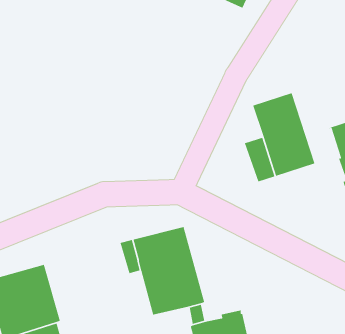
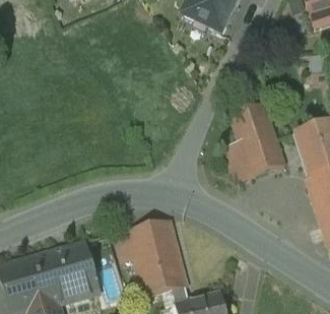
building: none -> [49,241,97,300]

